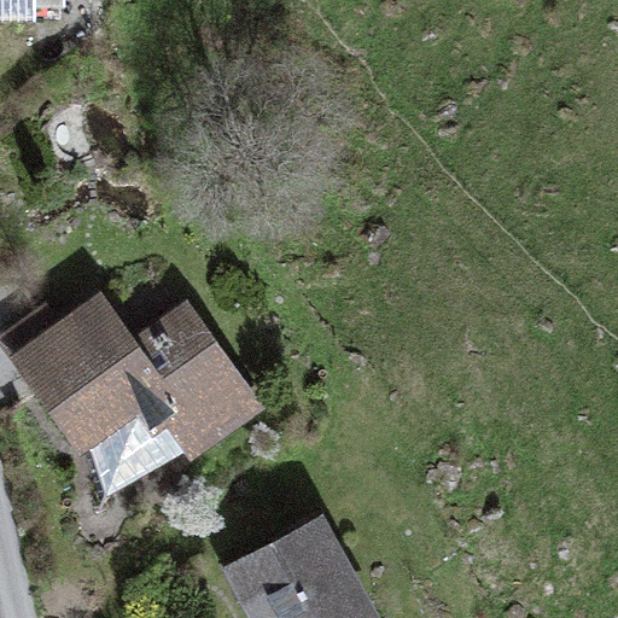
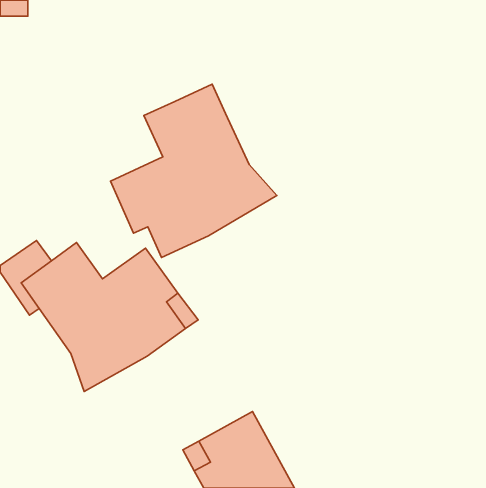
building: none -> [110,84,277,257]

